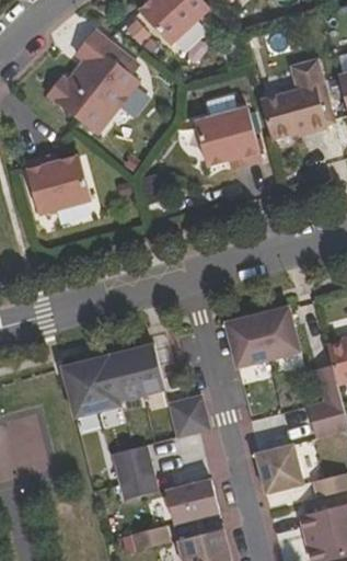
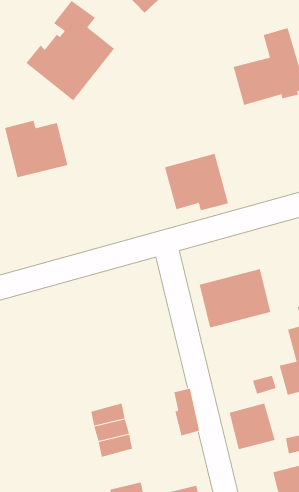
building: [194,107,261,167] -> [164,153,229,211]
building: [61,344,164,417] -> none
building: [169,396,209,437] -> none
building: [165,480,218,523] -> none

